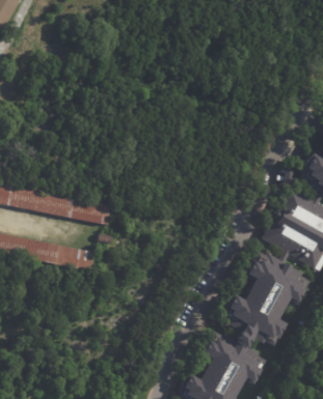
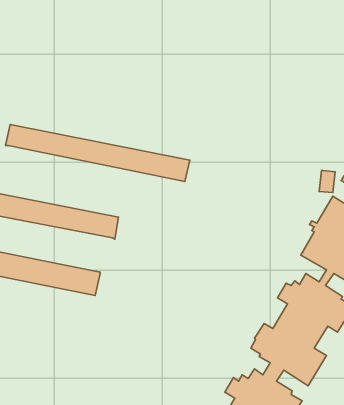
building: none -> [5,124,190,181]

